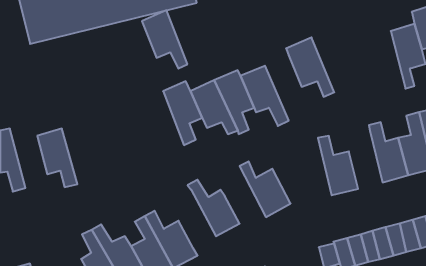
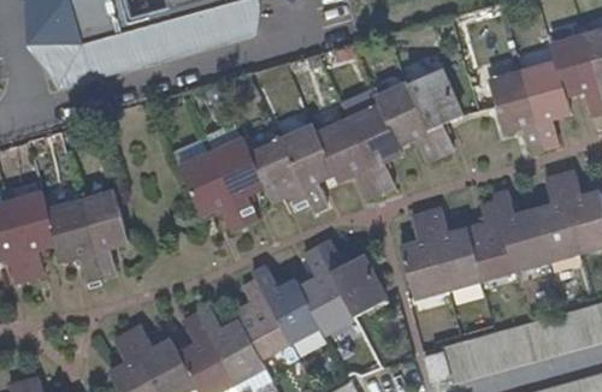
building: [142,10,187,69] -> [185,150,246,227]
building: none -> [414,66,467,152]
building: none -> [488,71,538,152]
building: none -> [353,103,403,189]
building: none -> [16,190,60,278]
building: none -> [84,191,130,273]
building: none -> [464,202,508,279]
building: none -> [397,212,441,296]
building: none -> [300,249,354,332]
building: none -> [235,280,288,357]

